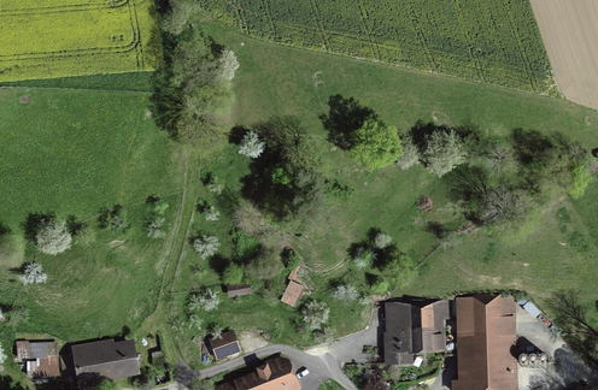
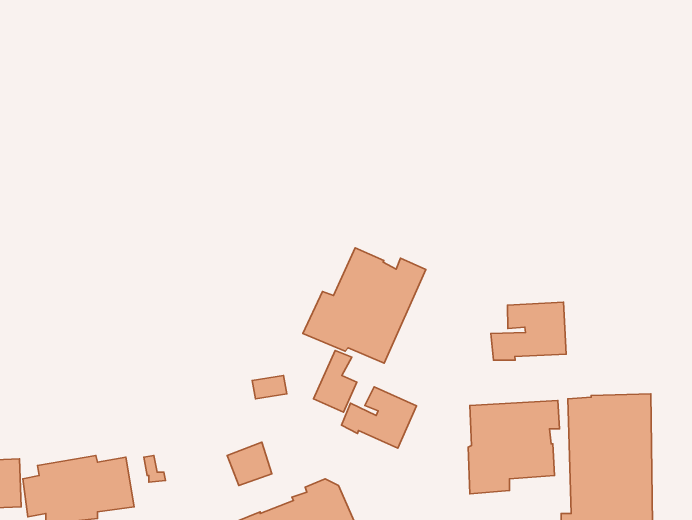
building: none -> [303,248,426,363]
building: none -> [491,302,566,360]
building: none -> [341,387,417,448]

